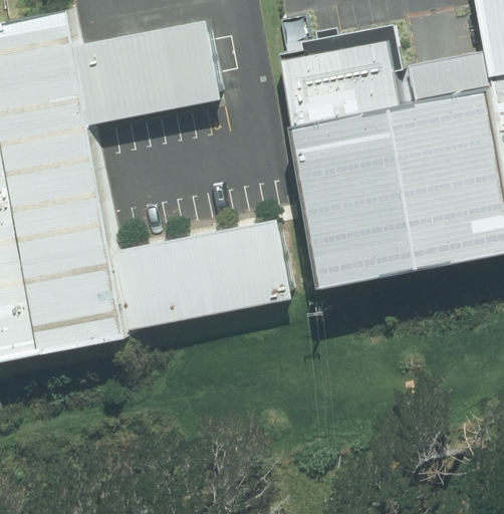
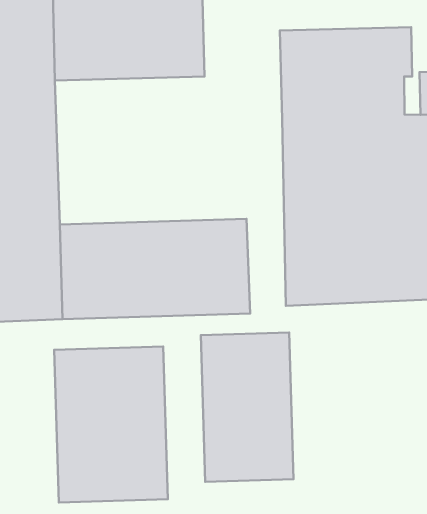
building: none -> [201,333,294,482]
building: none -> [54,347,168,502]

